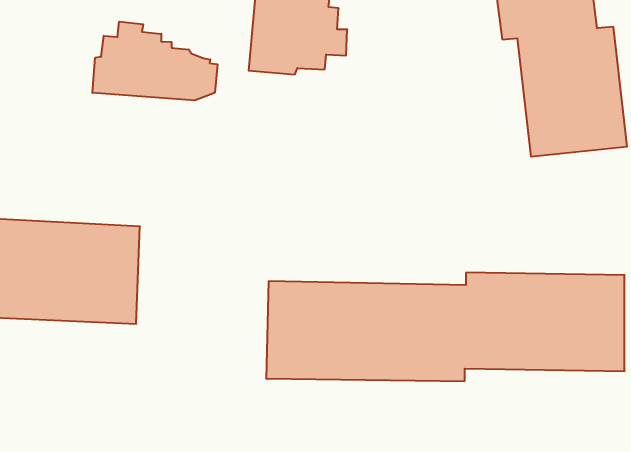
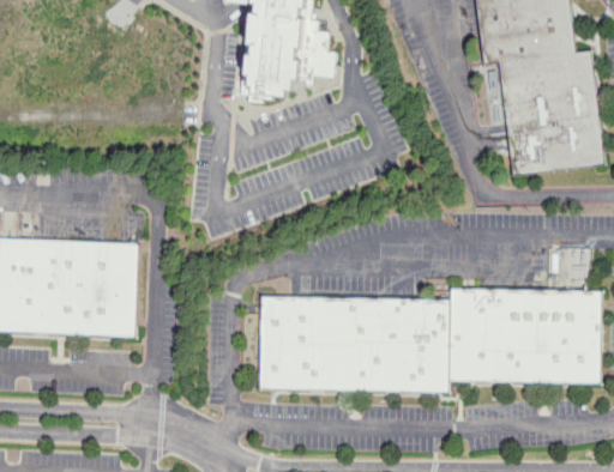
building: [92,22,218,100] -> none

